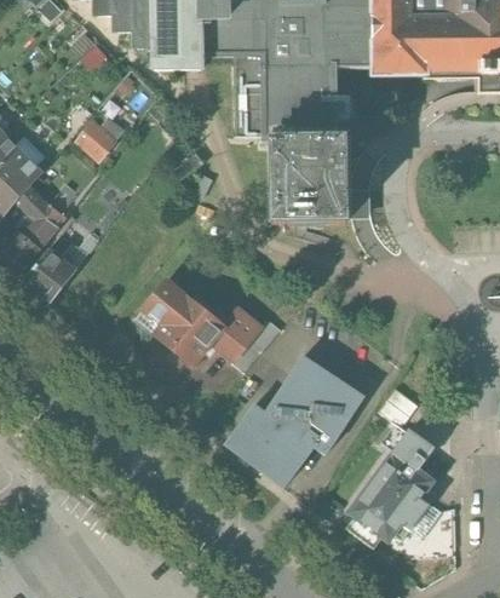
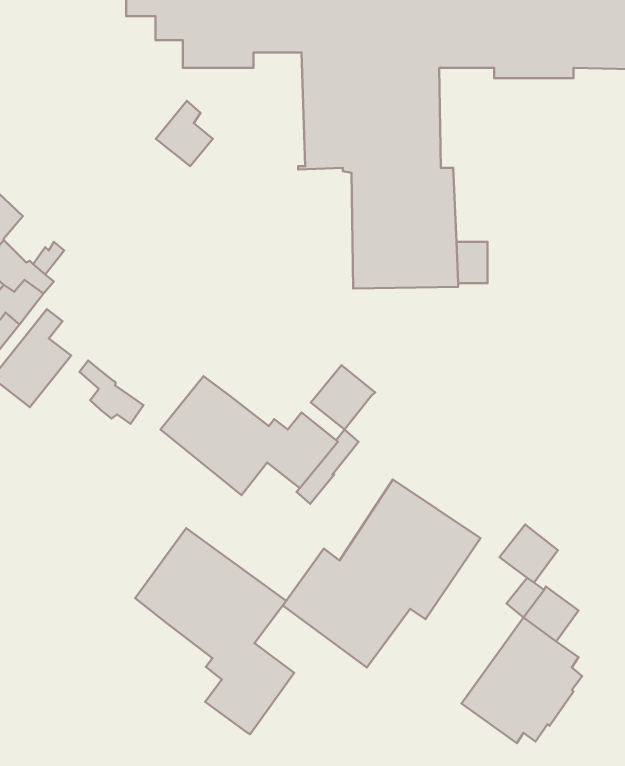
building: [75,114,115,160] -> [156,101,213,166]
building: none -> [80,361,144,424]
building: none -> [311,365,375,430]
building: none -> [135,528,294,734]

